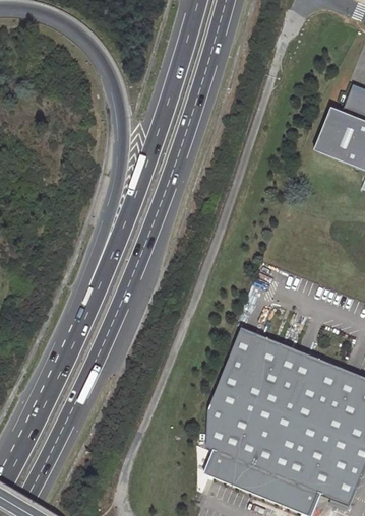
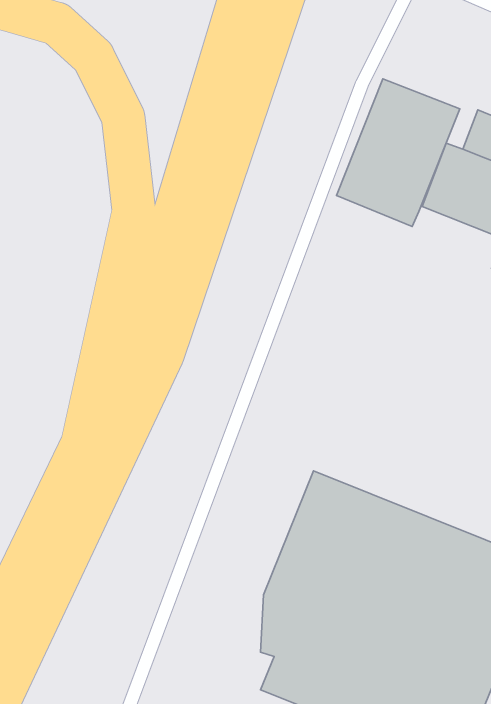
building: none -> [337,79,460,227]

